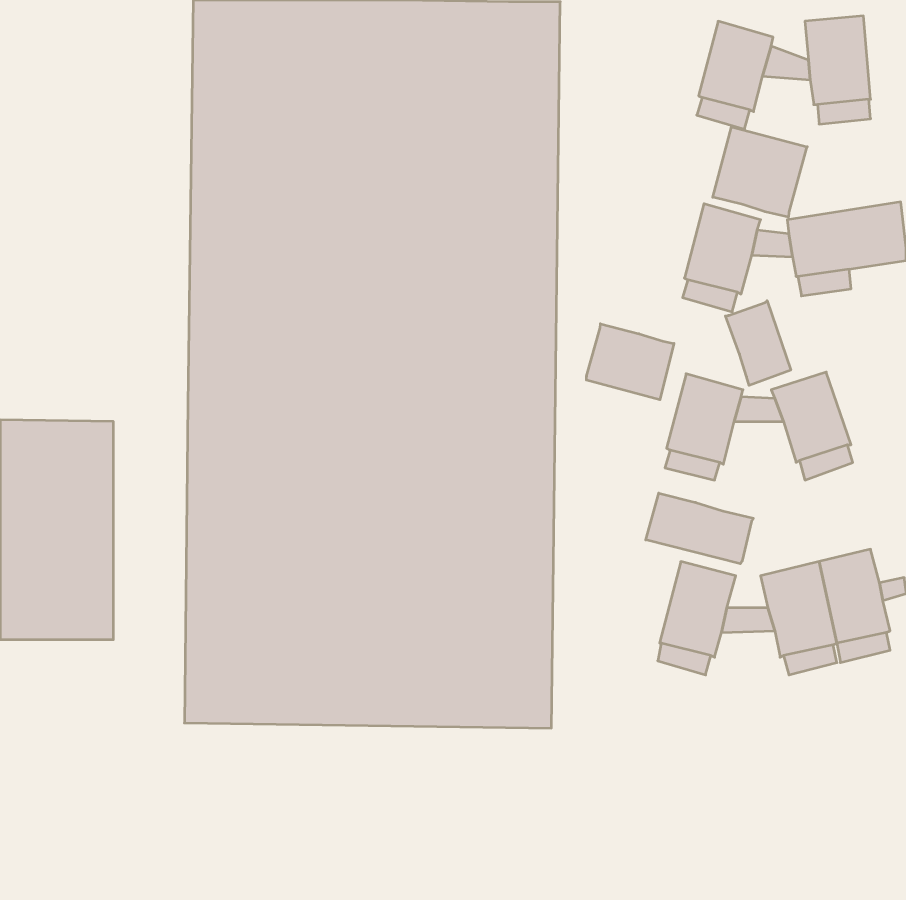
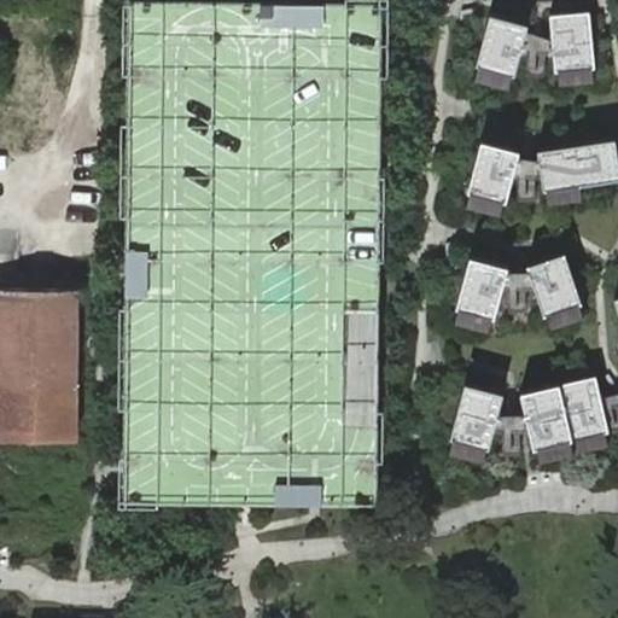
building: [713,127,807,217] -> none
building: [725,301,791,385] -> none
building: [586,324,674,400] -> none
building: [646,493,753,564] -> none

